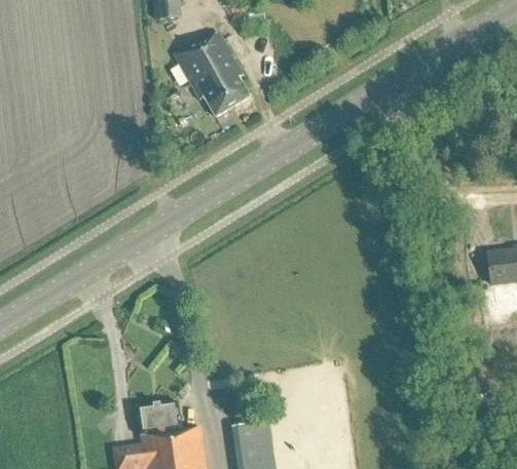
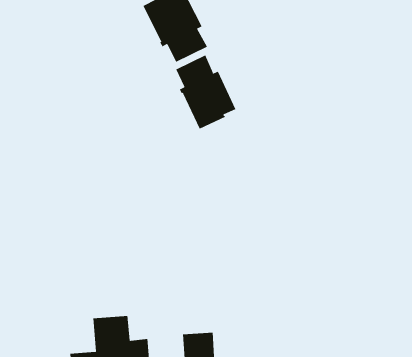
building: none -> [175,54,236,129]

